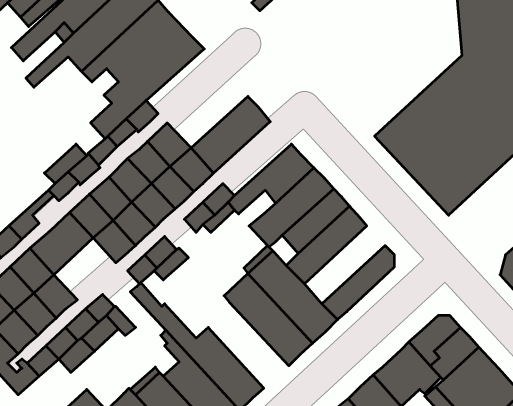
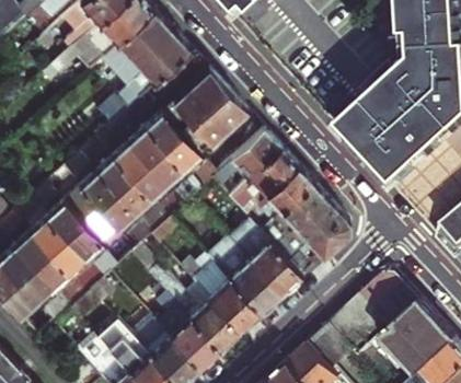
building: none -> [171,70,226,123]
building: none -> [273,198,339,263]
building: none -> [65,208,116,259]
building: none -> [188,262,260,333]

